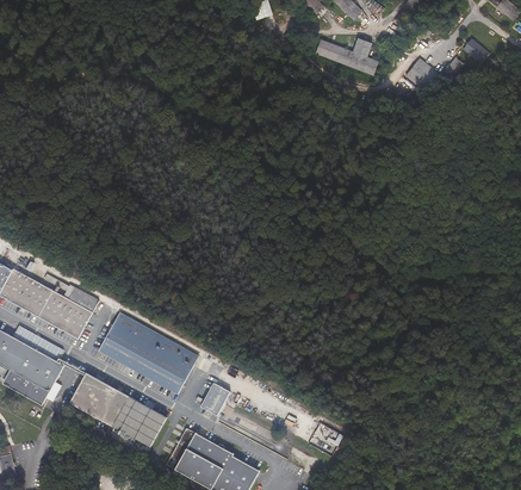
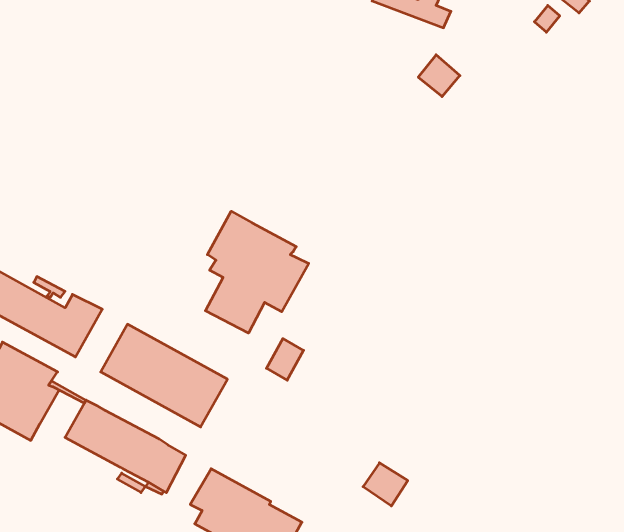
building: [405,57,439,91] -> [418,55,460,97]
building: none -> [205,211,309,333]
building: [200,382,230,415] -> [266,339,304,380]

